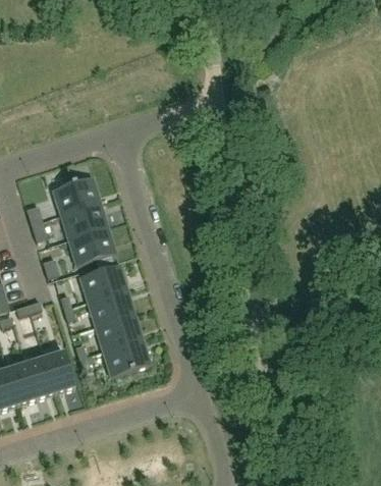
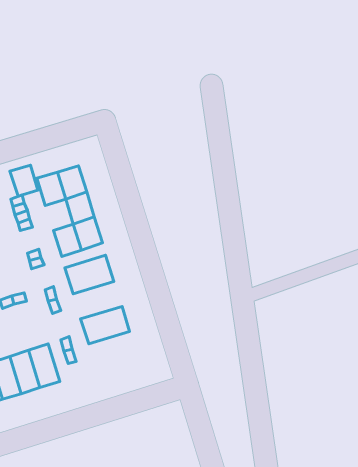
building: [59,209,87,239] -> [10,165,38,196]
building: [87,289,134,326] -> none
building: [102,338,150,376] -> none

